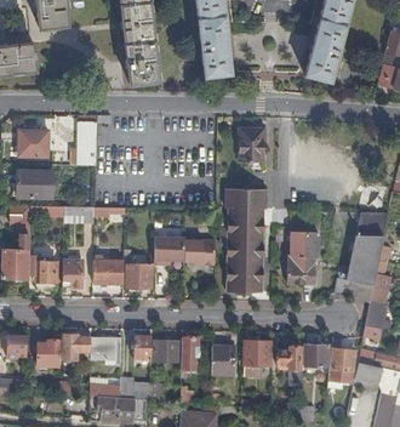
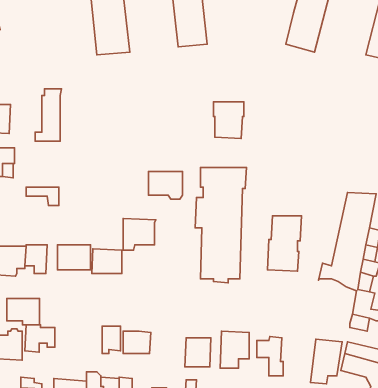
building: [183,239,215,264] -> [148,172,183,199]
building: [181,337,199,377] -> none
building: [91,338,121,363] -> [7,299,40,325]
building: [304,343,330,365] -> none

